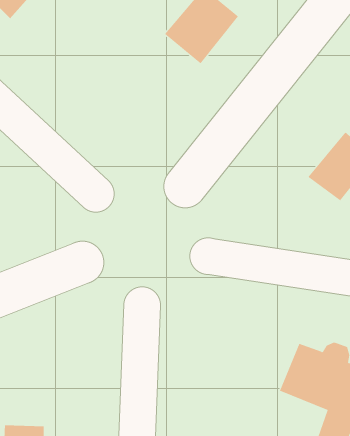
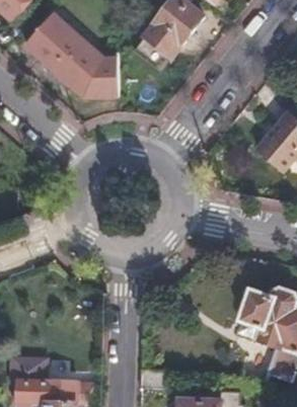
building: none -> [27,14,118,96]

